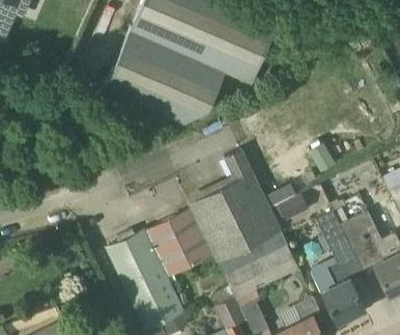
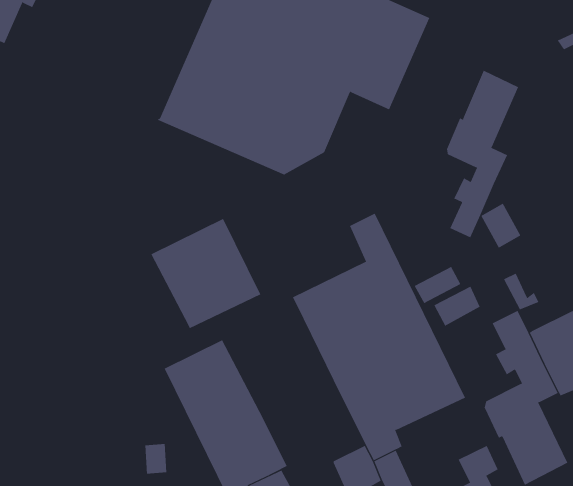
building: none -> [446,70,519,238]
building: [144,206,215,277] -> [151,218,261,329]

